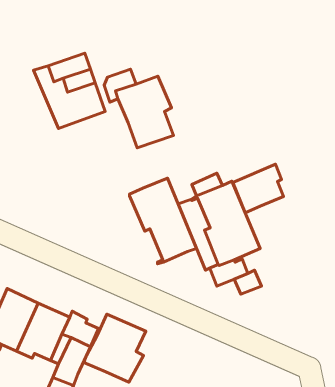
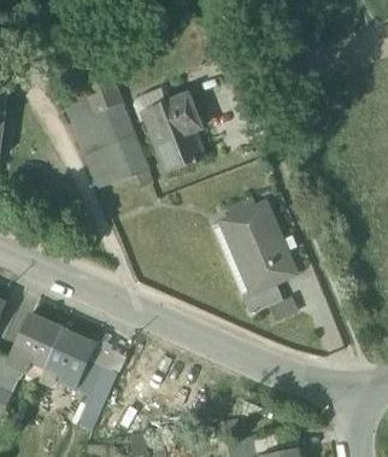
building: none -> [83,127,147,184]
building: [233,164,284,213] -> none
building: [129,178,197,264] -> none
building: [84,314,146,382] -> none

